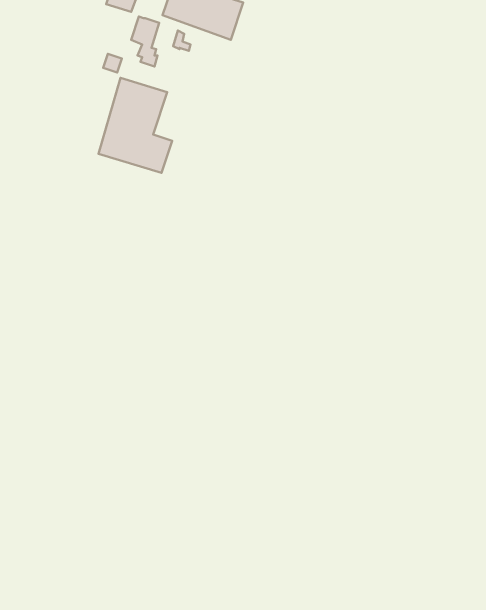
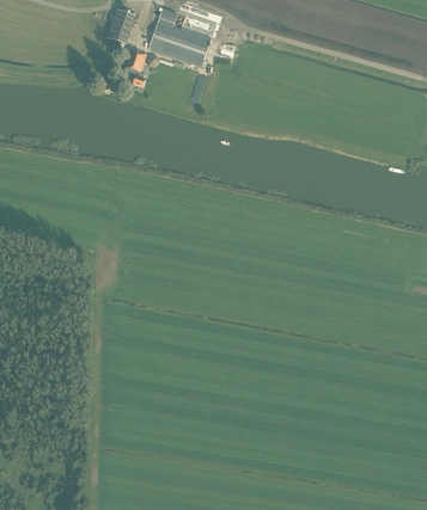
building: [99,78,172,173] -> none

